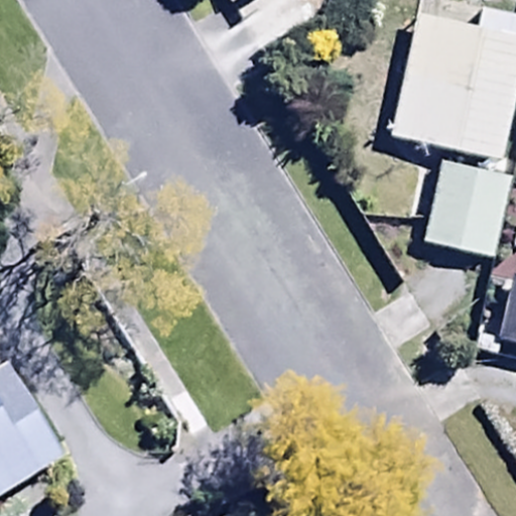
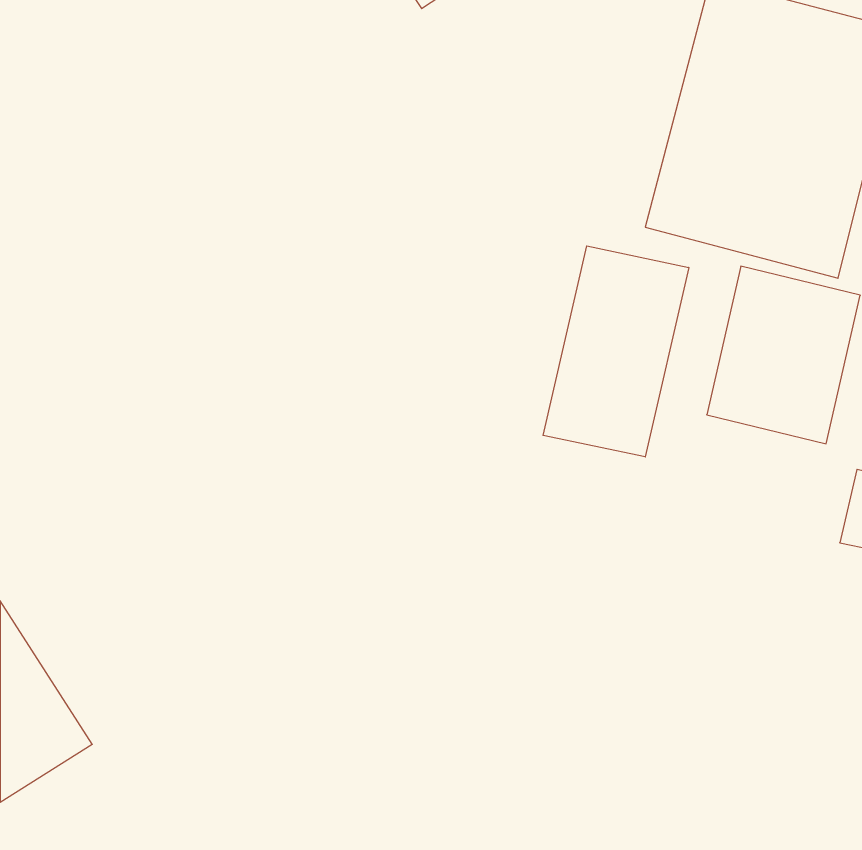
building: none -> [543,246,689,457]

